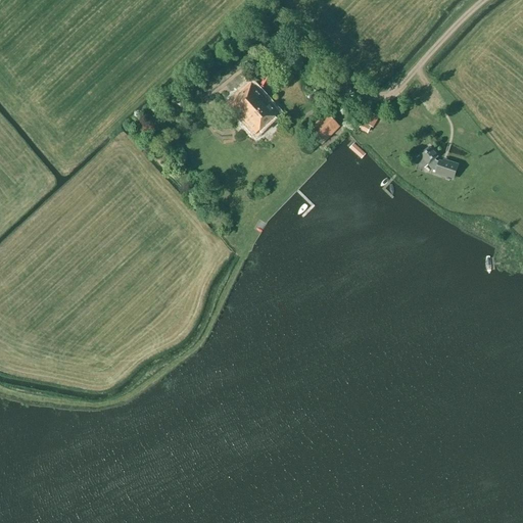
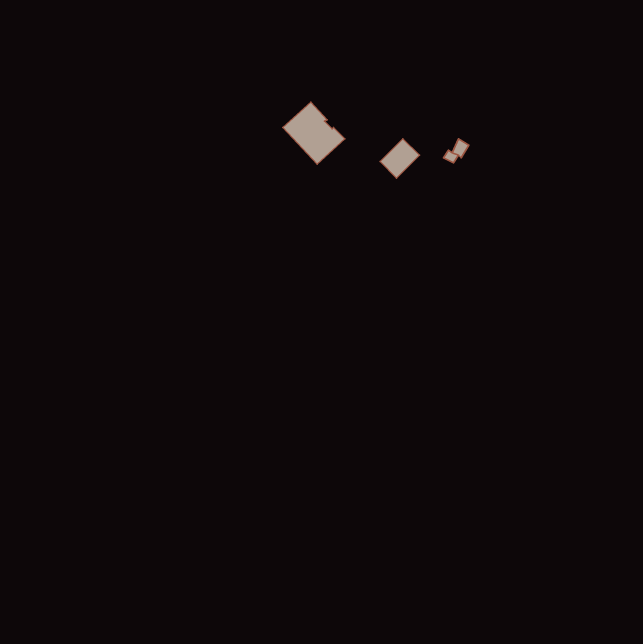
building: [418,146,458,177] -> none

